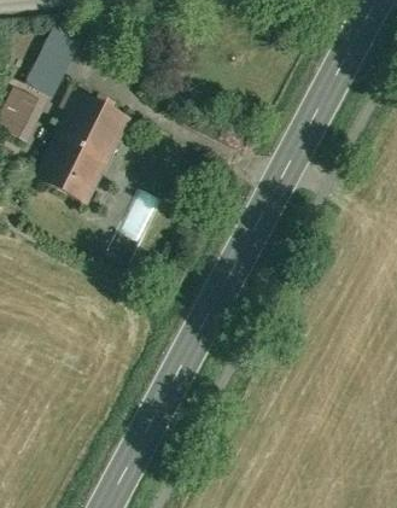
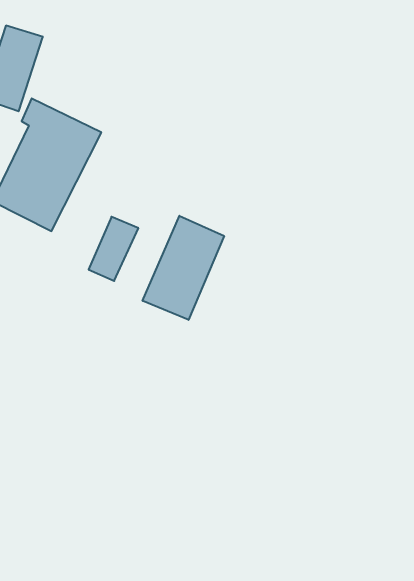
building: none -> [143,216,224,320]

